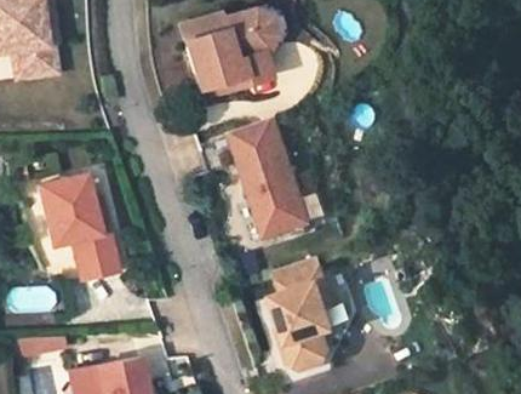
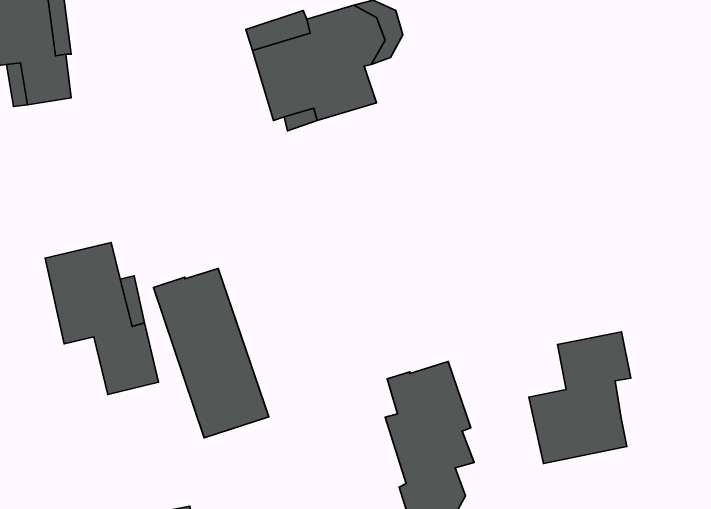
building: [229,119,309,236] -> [154,268,269,438]
building: none -> [529,332,631,463]

